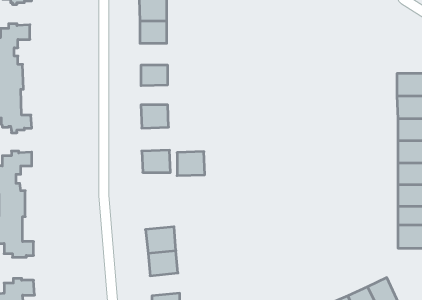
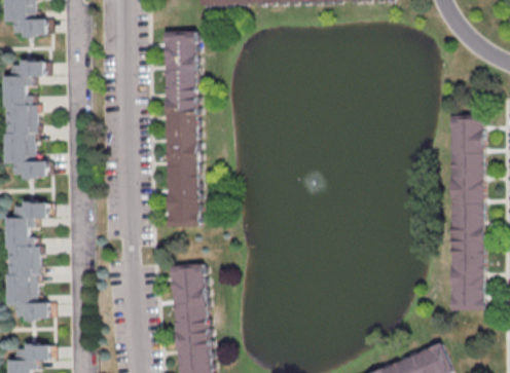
building: none -> [166,81,196,106]
building: none -> [167,127,196,150]
building: [177,152,205,176] -> [168,175,198,201]
building: none -> [170,263,204,289]
building: none -> [177,337,210,363]

